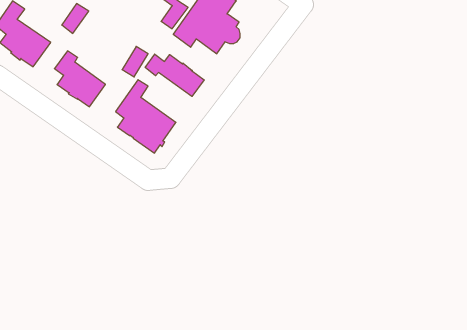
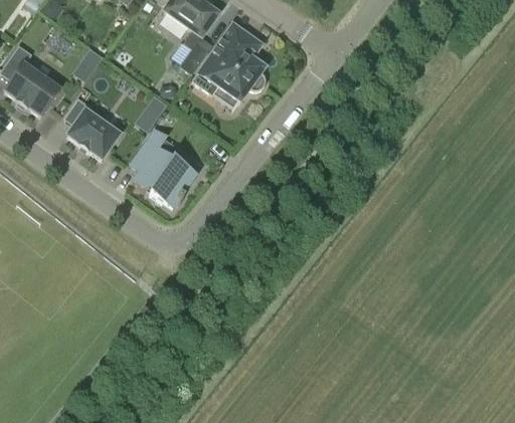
building: [145,54,204,96] -> none

